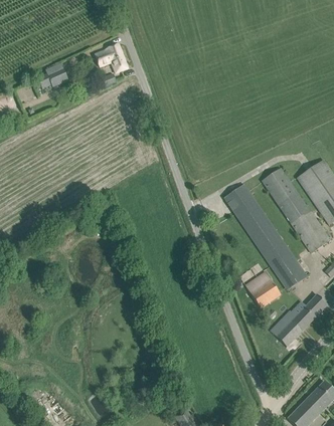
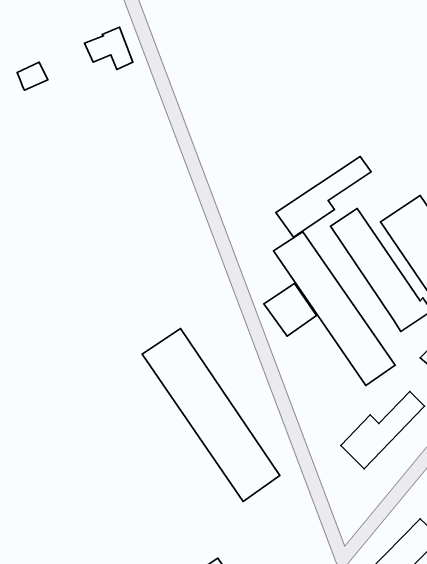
building: none -> [276,156,371,237]
building: none -> [142,329,280,502]
building: [244,271,281,307] -> [264,283,316,336]

